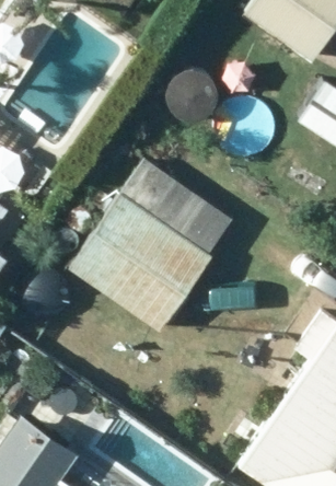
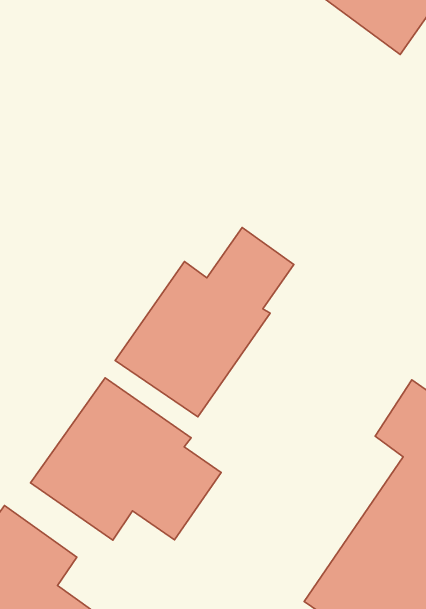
building: none -> [31,378,221,540]

